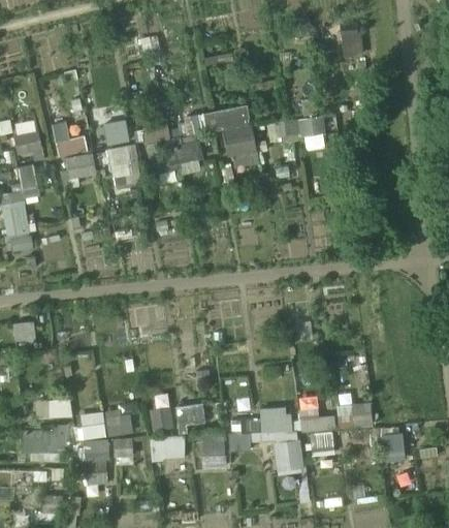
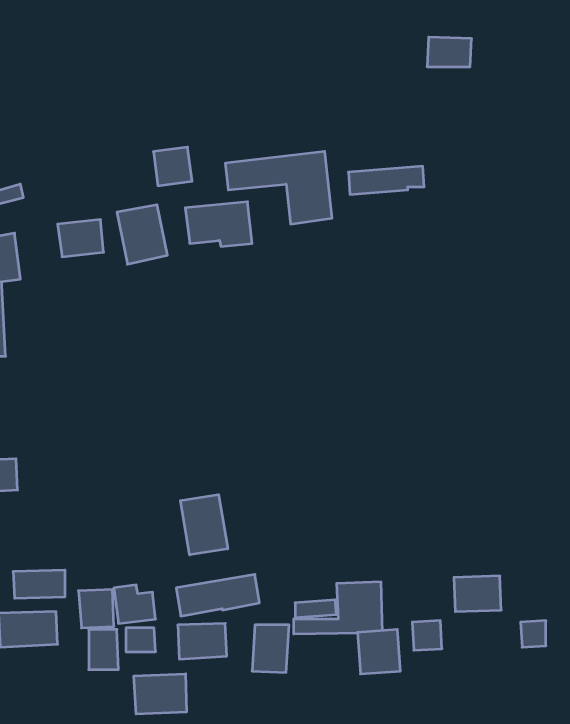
building: [103,120,130,147] -> [153,147,192,186]
building: [52,121,89,157] -> none
building: none -> [180,495,228,555]
building: [299,409,334,431] -> none
building: none -> [134,674,186,714]

